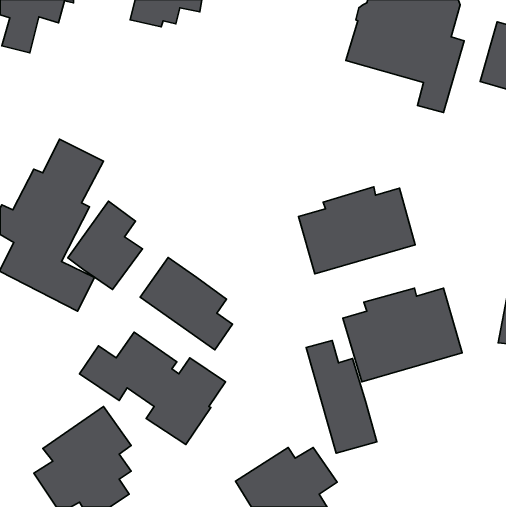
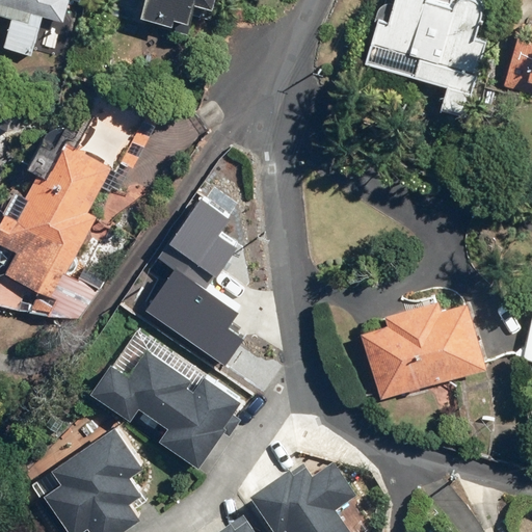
building: [299,187,415,274] -> none
building: [68,201,142,290] -> [161,197,239,290]
building: [306,340,377,453] -> none

